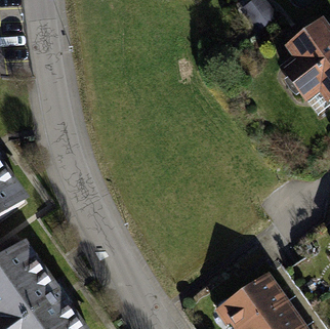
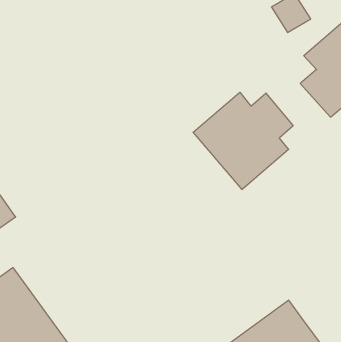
building: none -> [193,92,293,189]

